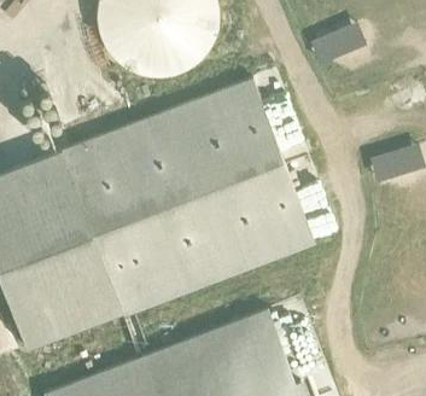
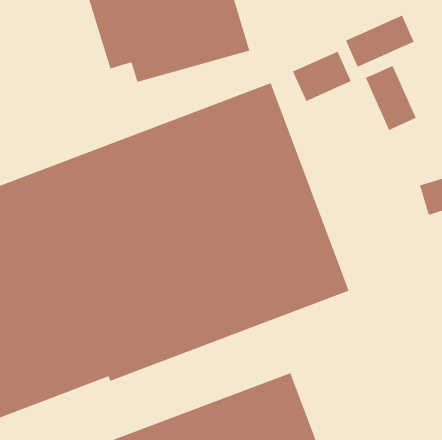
building: none -> [292,51,352,102]
building: none -> [365,65,417,131]

